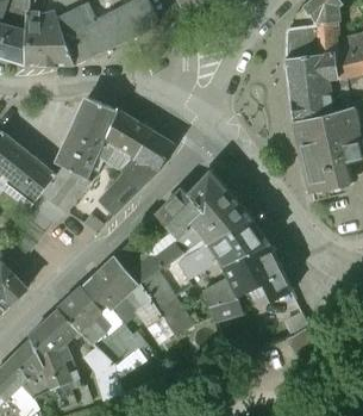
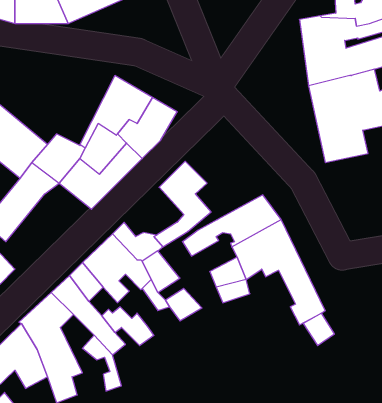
building: [56,98,117,175] -> none
building: [181,172,252,243] -> none

